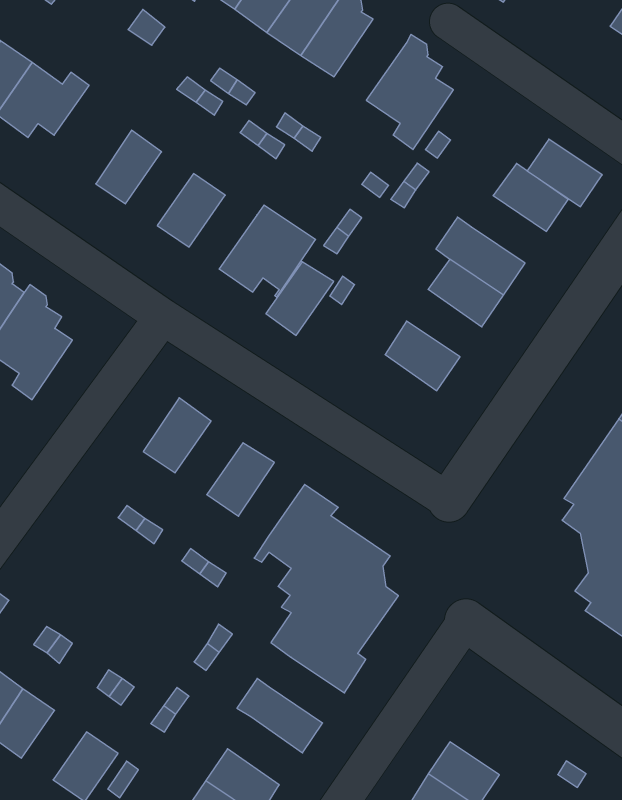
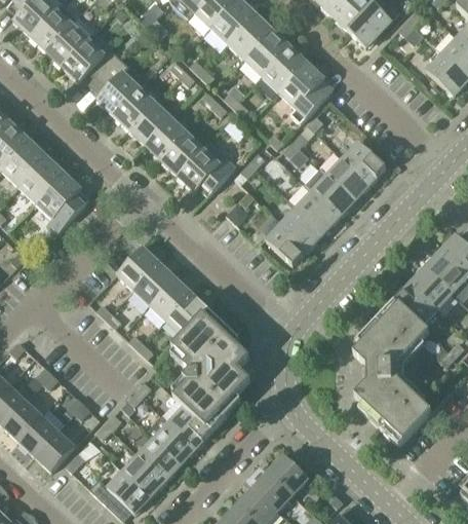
building: none -> [261,41,306,91]
building: none -> [93,58,139,115]
building: [527,139,602,207] -> [326,158,369,200]
building: none -> [128,103,170,145]
building: [266,262,334,335] -> [161,134,203,176]
building: none -> [280,207,323,249]
building: none -> [132,263,174,305]
building: none -> [165,293,206,335]
building: none -> [167,407,210,448]
building: none -> [267,454,308,494]
building: none -> [17,416,57,456]
building: none -> [138,438,181,480]

